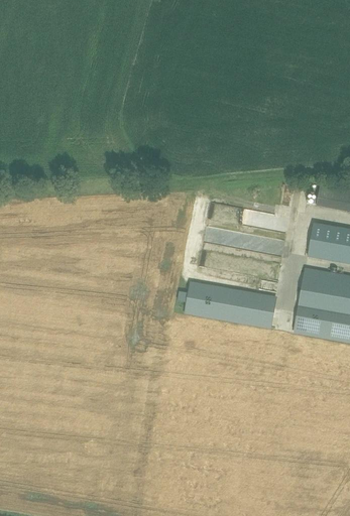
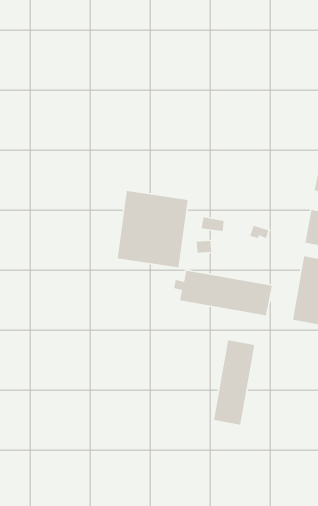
building: none -> [117,190,189,268]
building: none -> [213,339,255,425]

